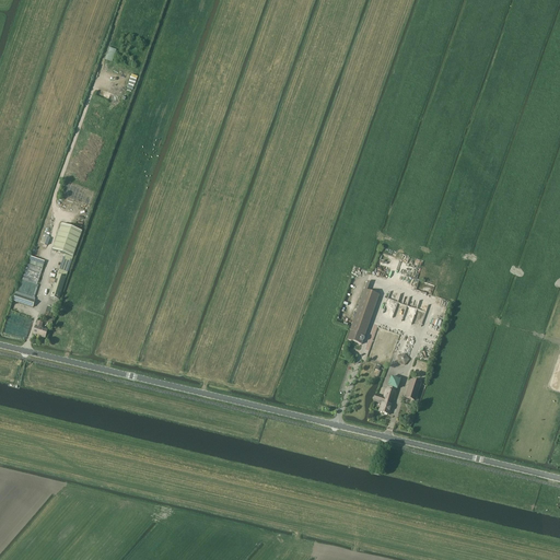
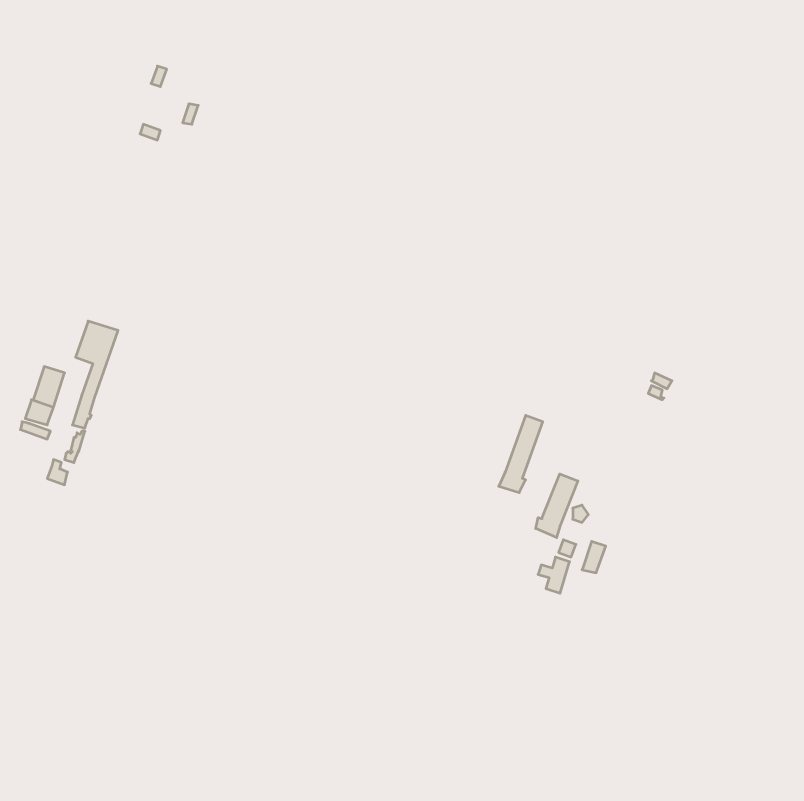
building: none -> [536,474,578,538]

